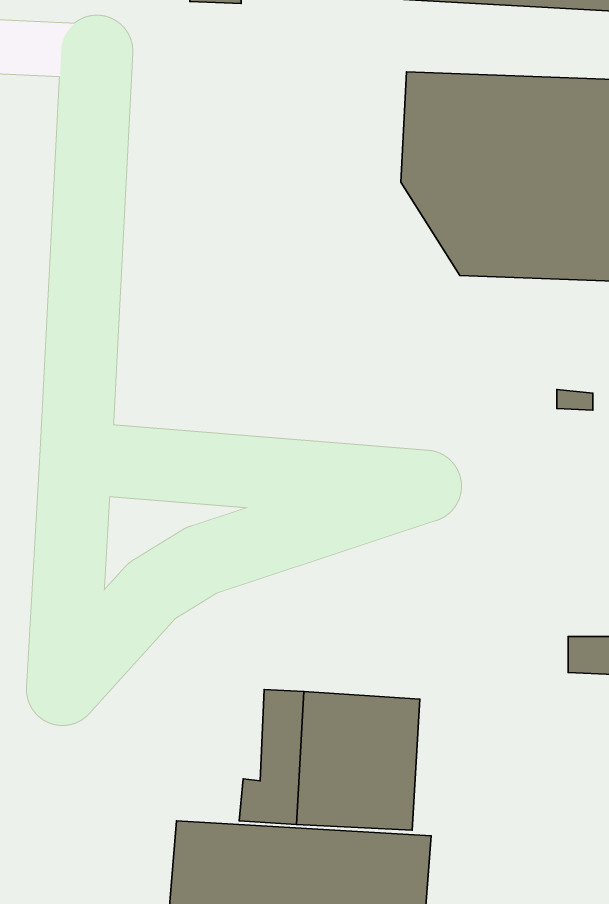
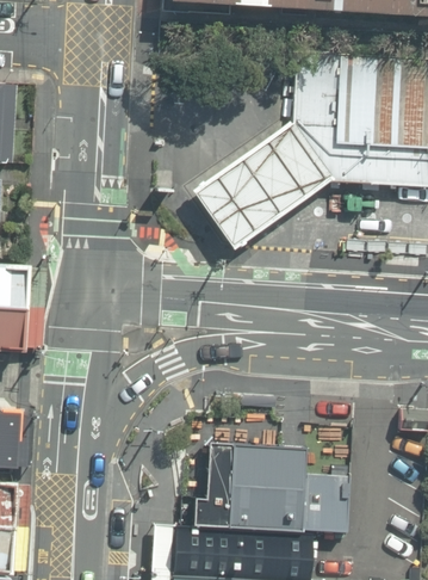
building: none -> [190,122,331,251]
building: none -> [304,474,347,530]

